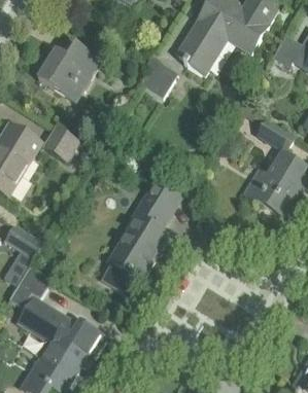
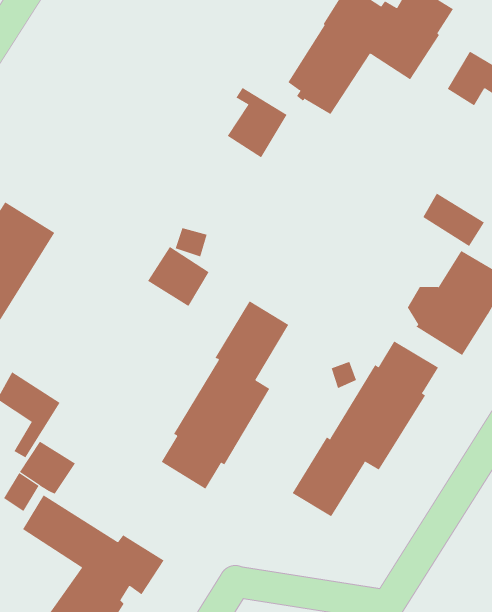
building: [38,43,100,100] -> none
building: [42,127,79,163] -> [147,246,210,307]
building: none -> [292,341,439,517]

